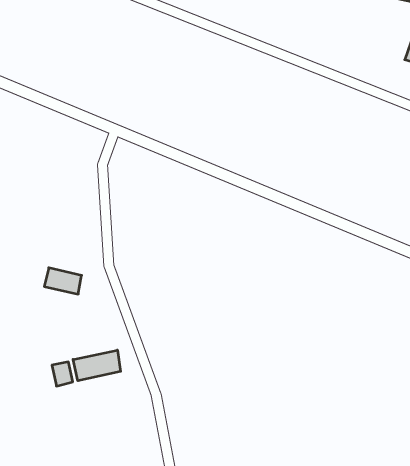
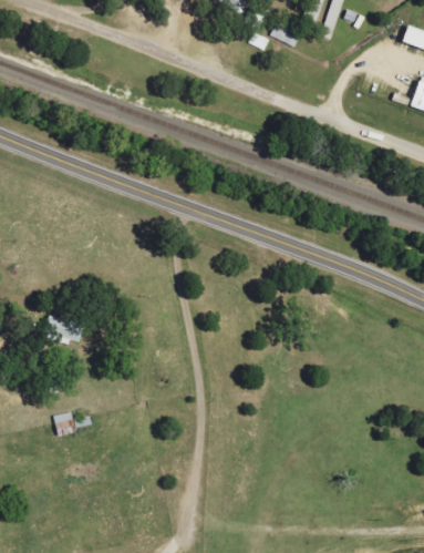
building: [73,350,121,381] -> none

